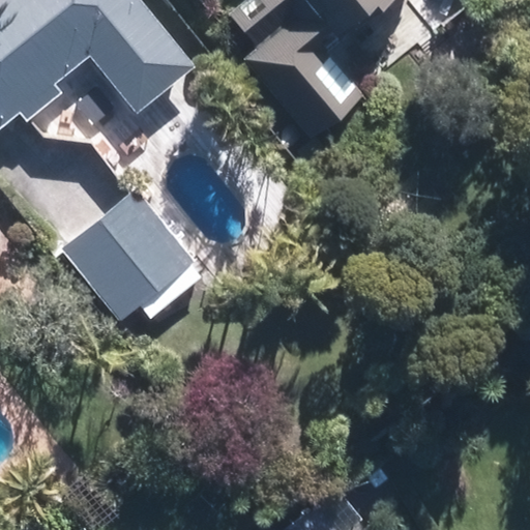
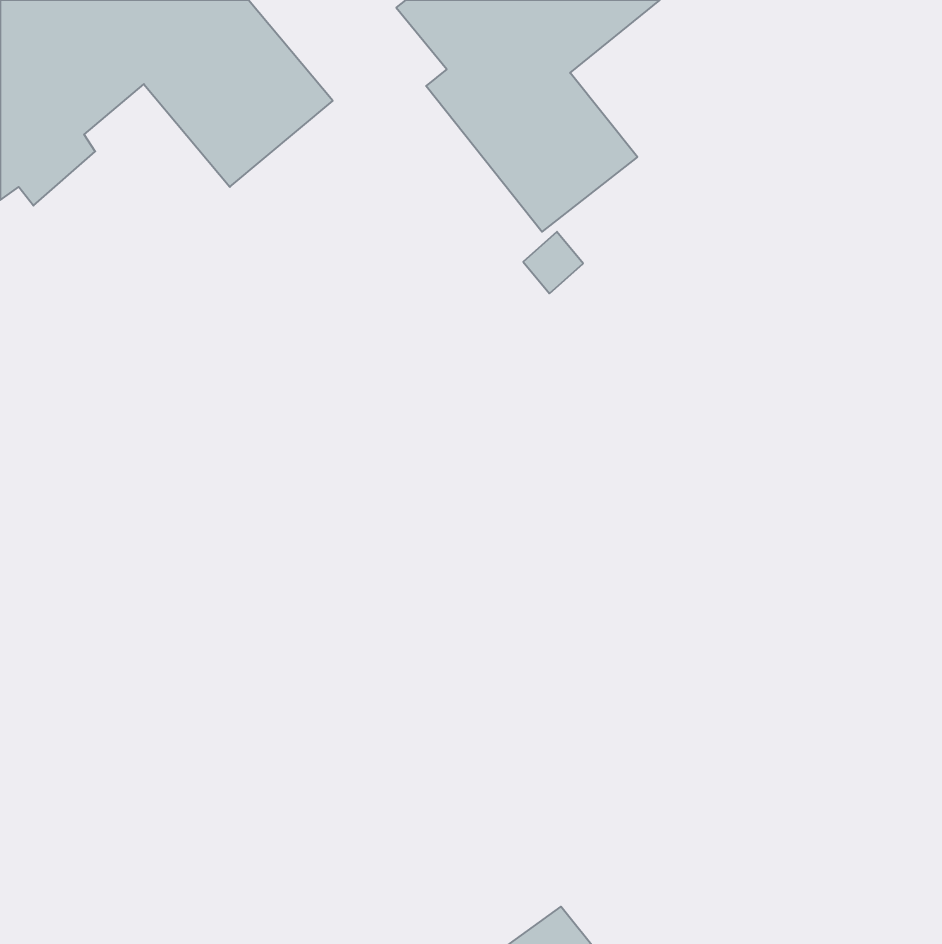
building: [61,188,205,321] -> none

